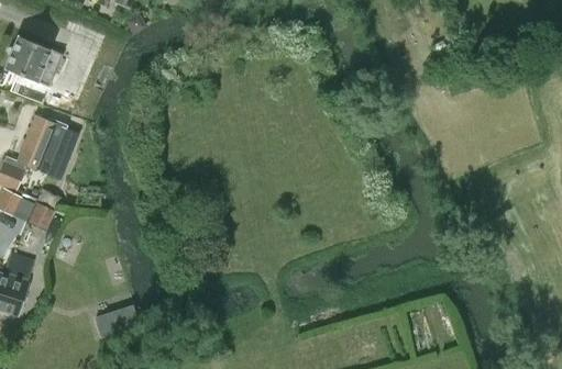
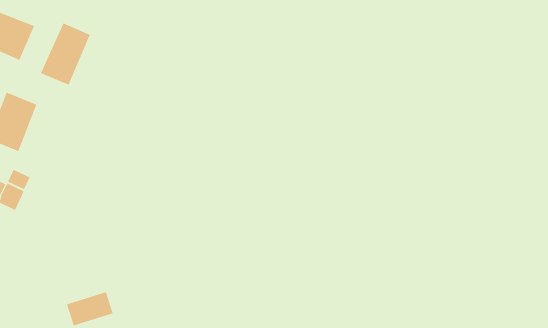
building: none -> [40,23,90,86]

